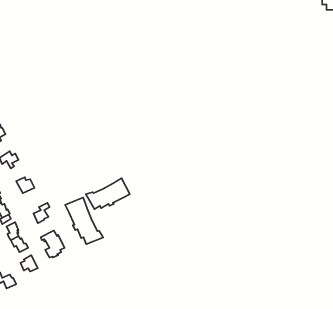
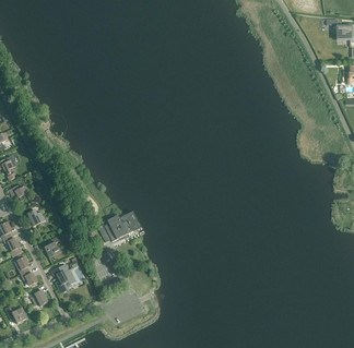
building: [65,197,103,244] -> none

